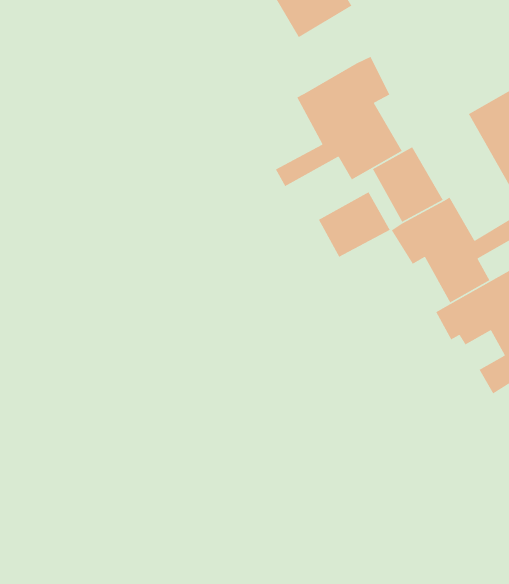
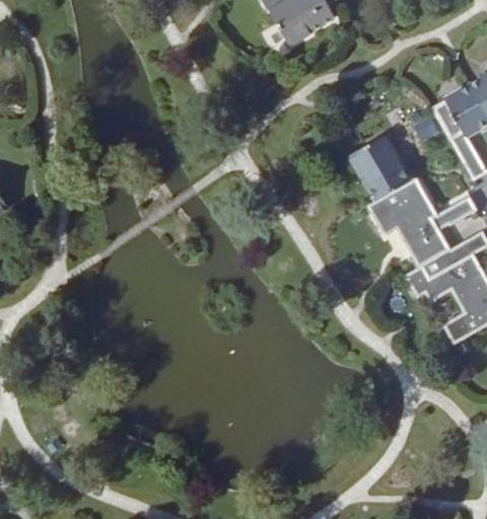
building: [275,56,403,187] -> none
building: [318,191,391,258] -> none

